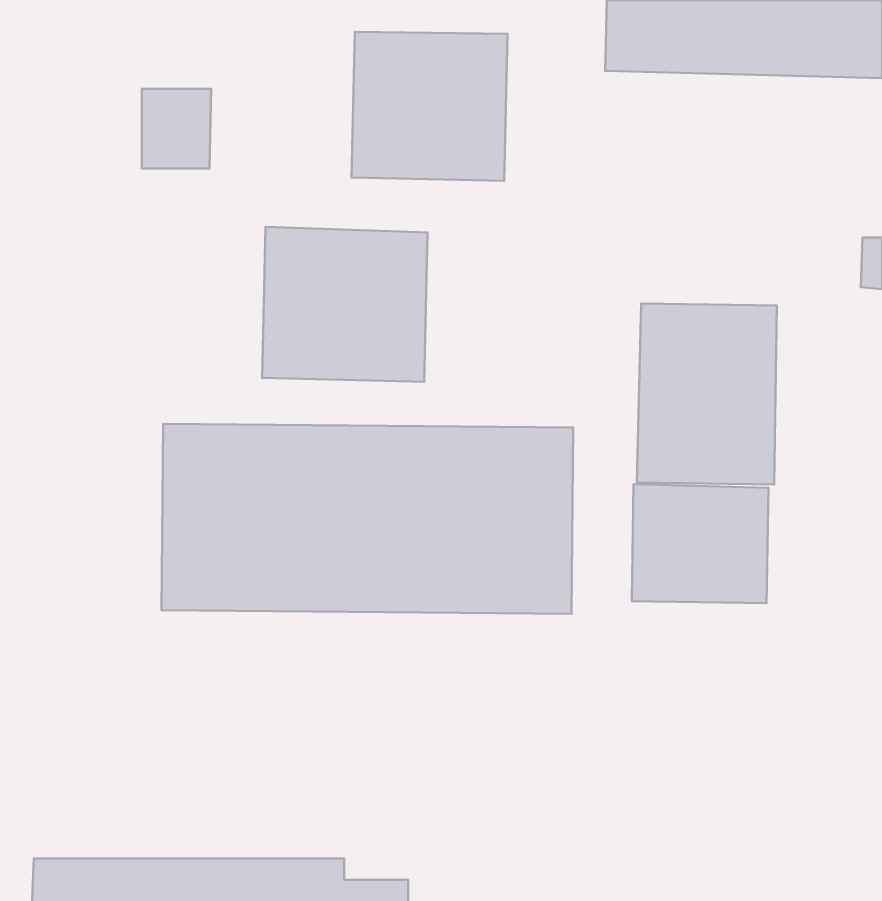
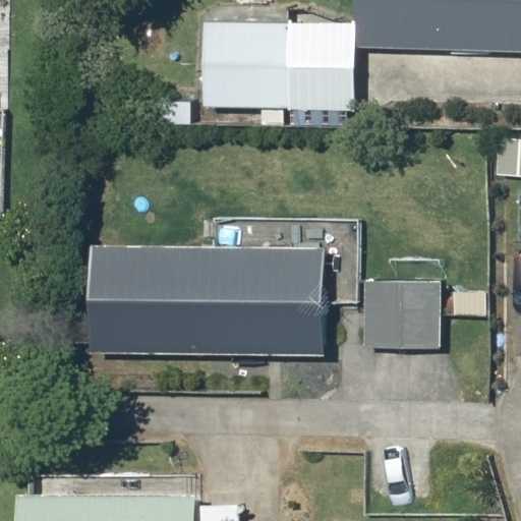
building: [262,227,427,382] -> none
building: [637,304,777,484] -> none

